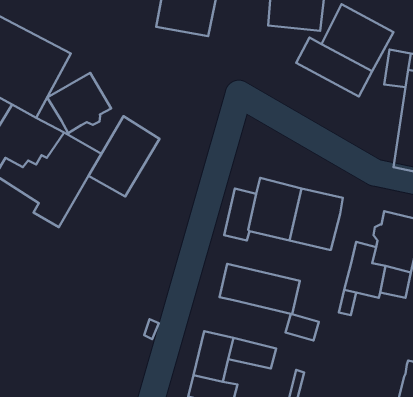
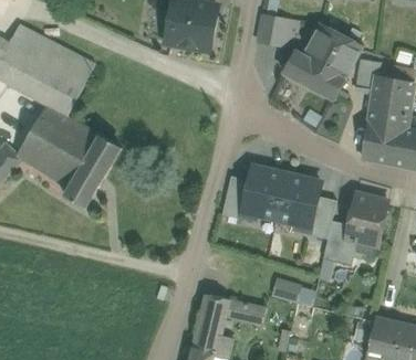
building: [47,73,111,133] -> none
building: [89,116,159,197] -> none
building: none -> [308,197,336,239]
building: [219,264,300,314] -> none

